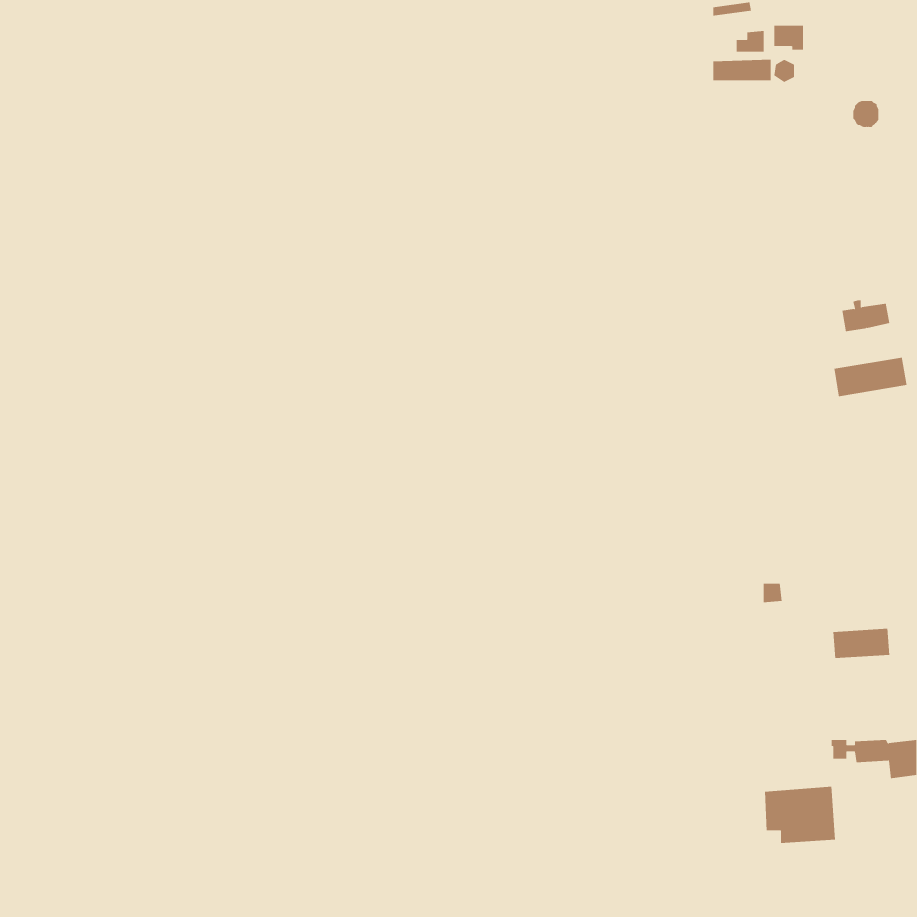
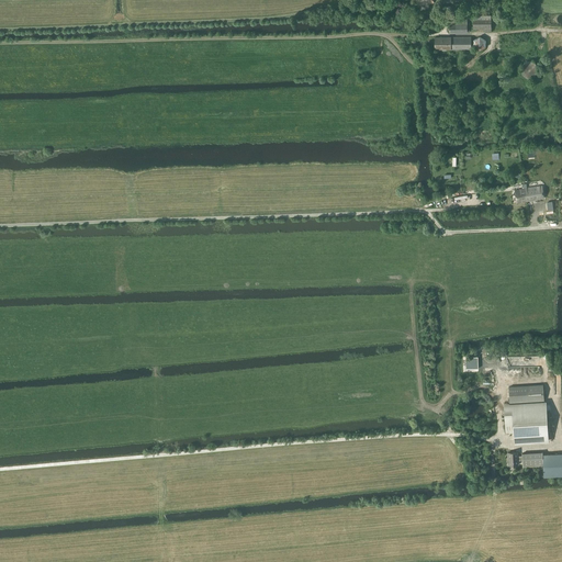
building: [834,357,907,397] -> none
building: [764,786,836,843] -> [505,405,549,440]

